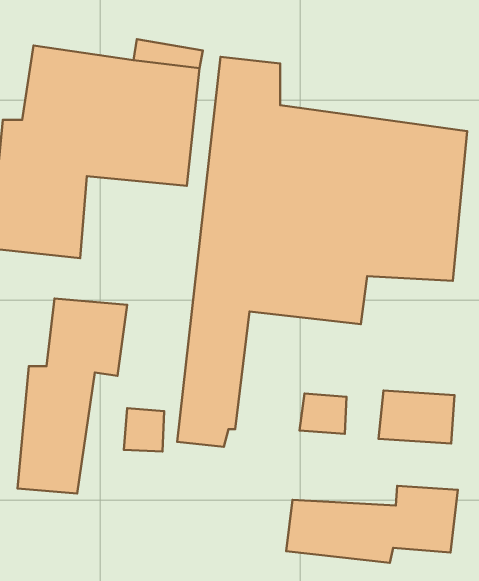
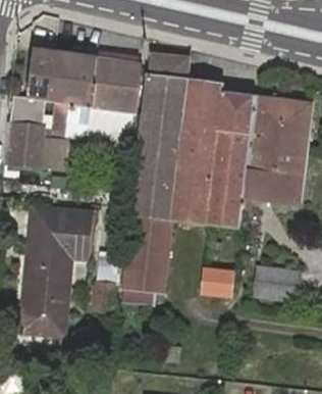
building: [286,486,458,563] -> none

